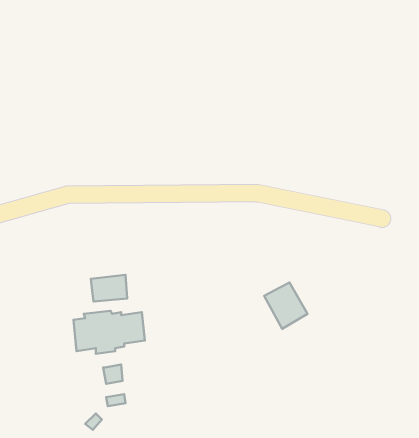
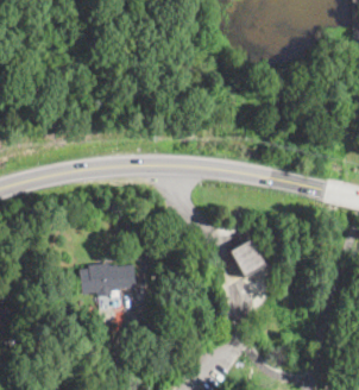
building: [91,275,127,302] -> none

